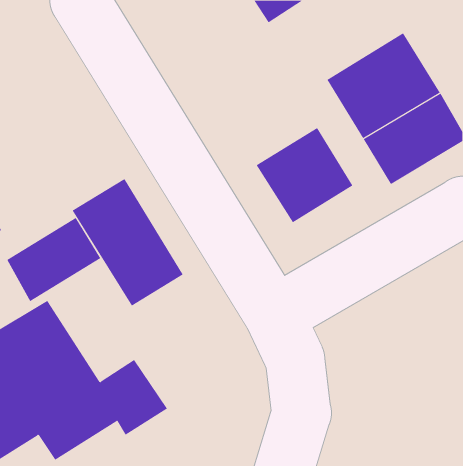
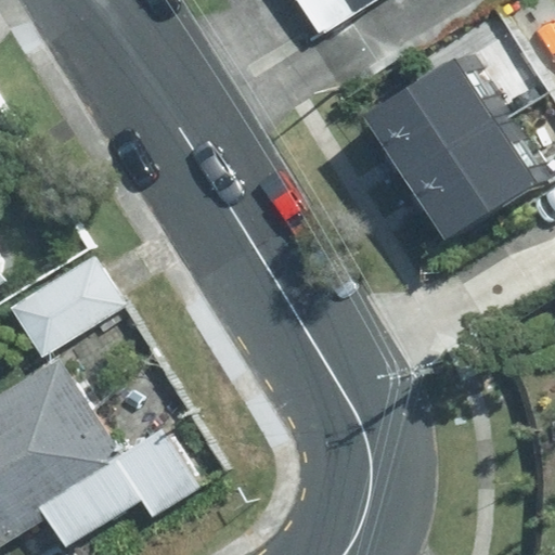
building: [256,127,353,223] -> none
building: [72,178,183,307] -> none

